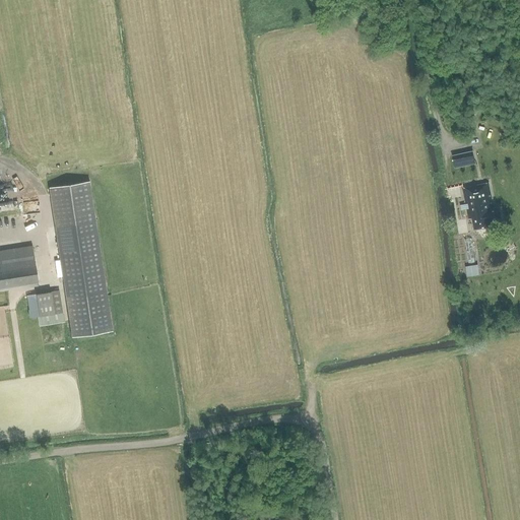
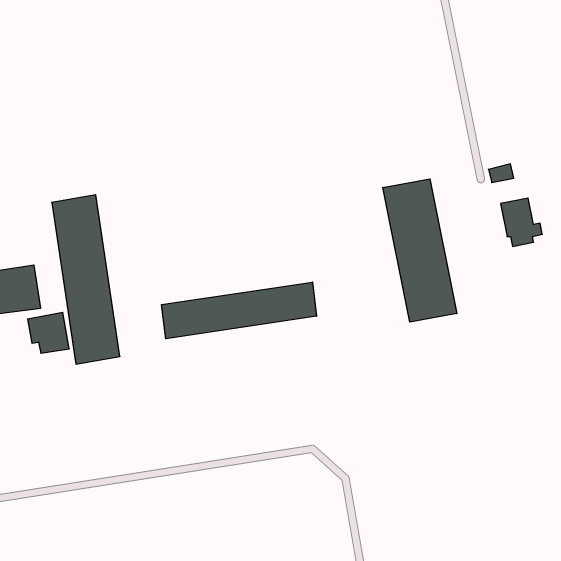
building: none -> [383,179,457,322]
building: none -> [162,282,317,339]

